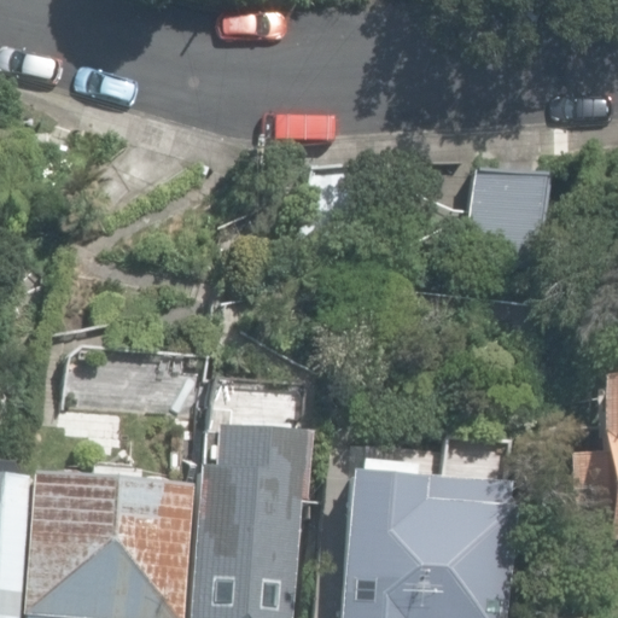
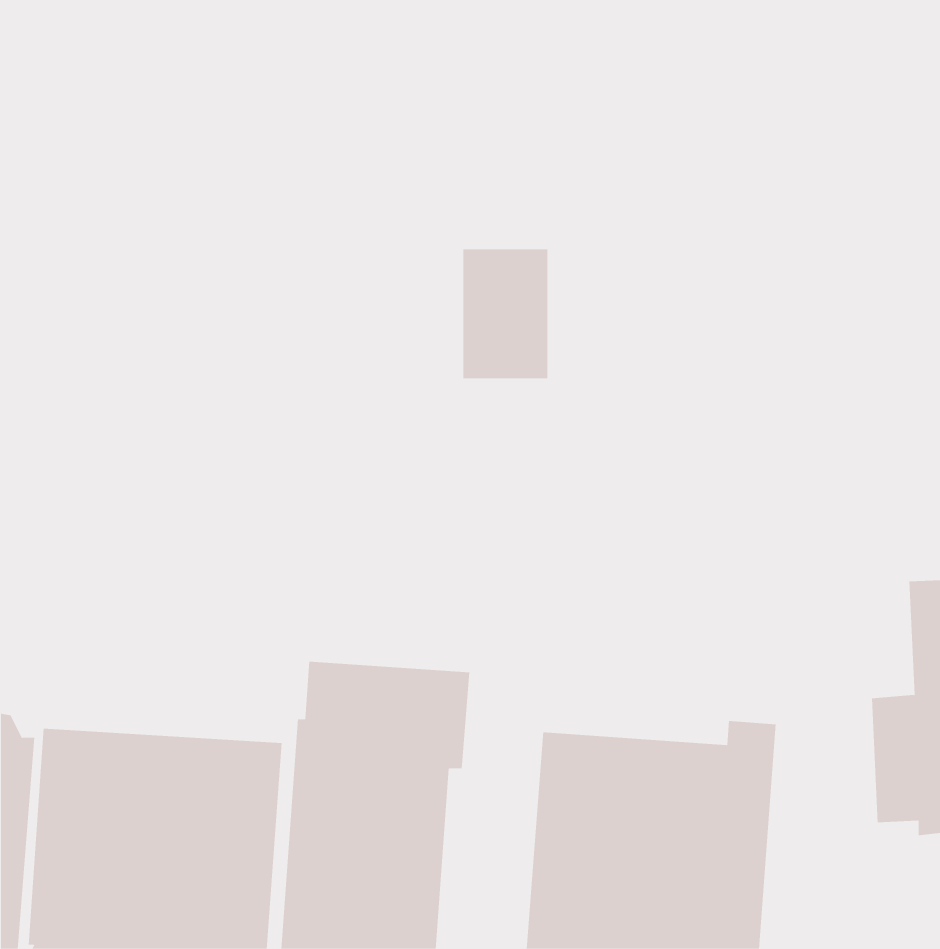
building: [470,164,549,273] -> none

